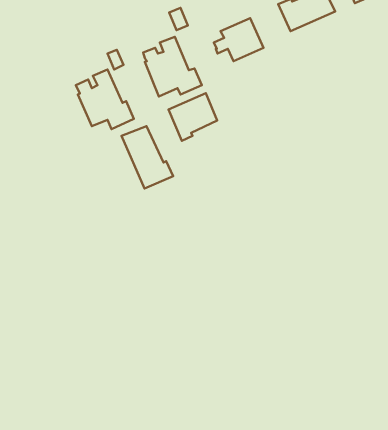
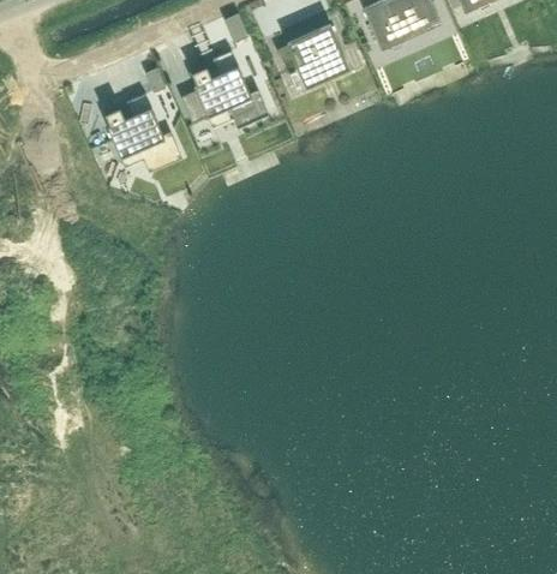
building: [168,93,217,141] -> none
building: [121,126,173,188] -> none

